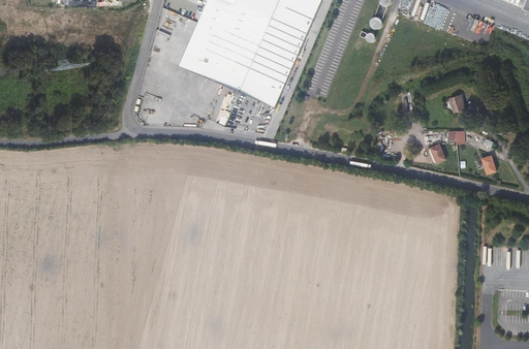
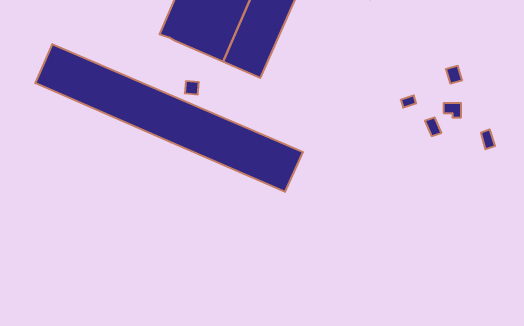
building: none -> [35,44,303,192]

